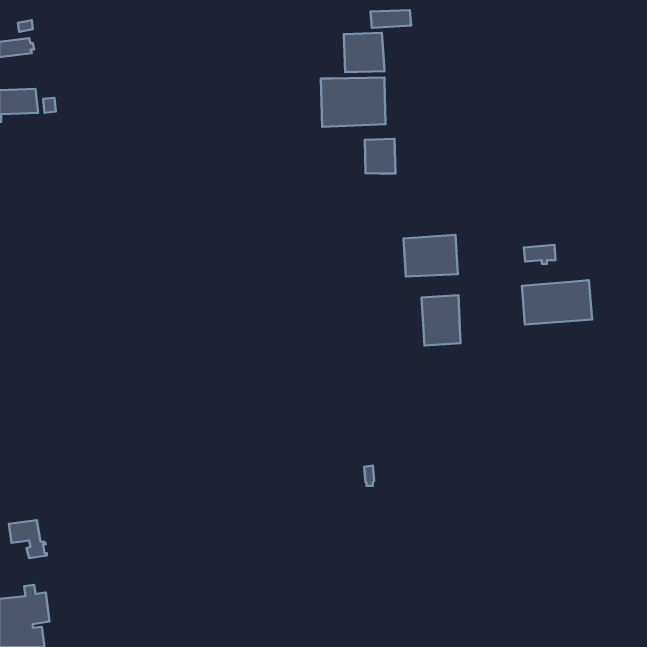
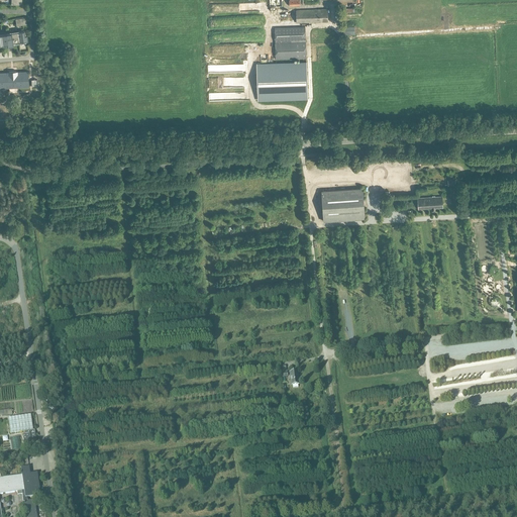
building: [365,139,395,174] -> none
building: [522,280,592,324] -> none
building: [421,295,460,346] -> none

